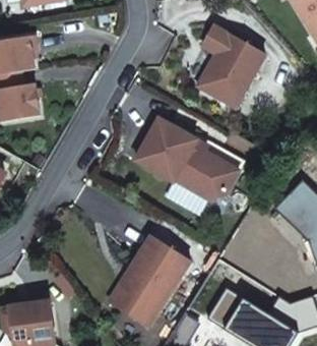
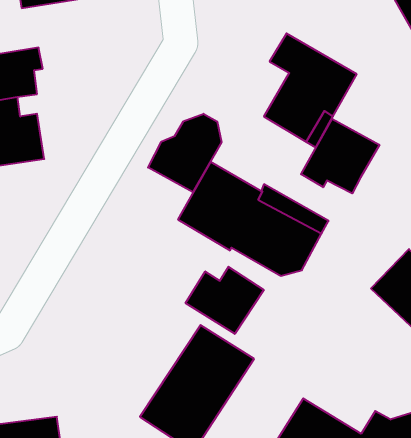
building: none -> [148,114,222,192]
building: none -> [301,119,379,193]
building: none -> [186,267,264,334]

